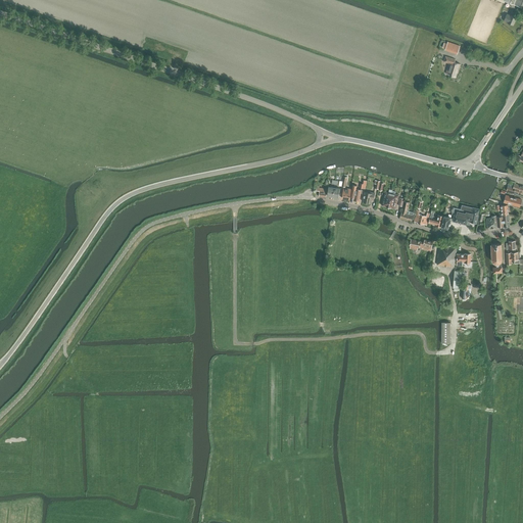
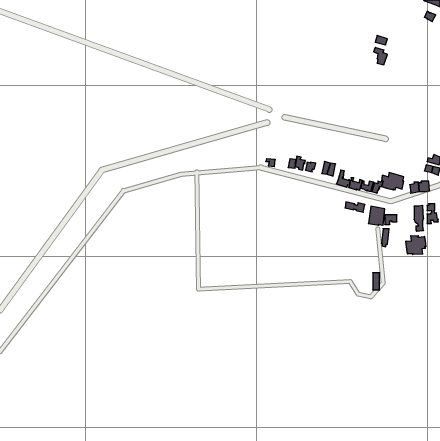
building: none -> [406,236,426,255]

